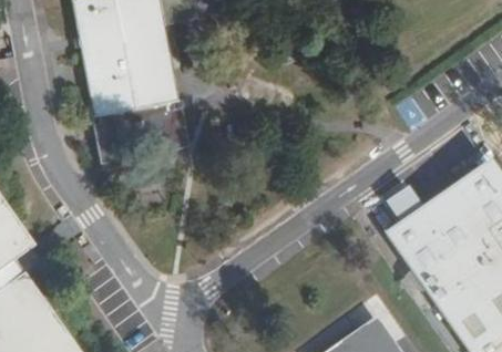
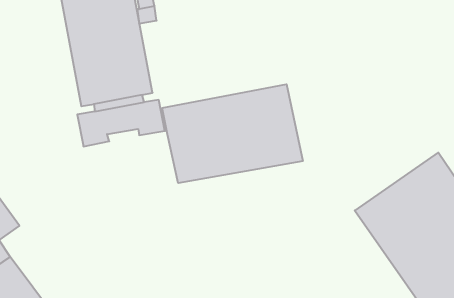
building: none -> [162,84,303,183]

